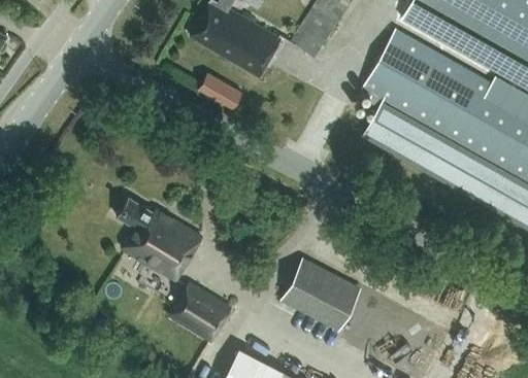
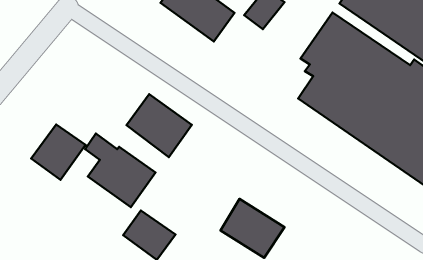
building: [198,74,242,110] -> none
building: none -> [127,94,192,157]
building: none -> [31,124,86,180]

